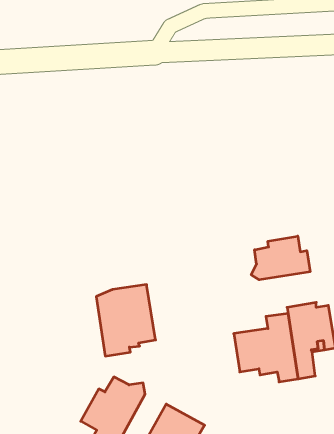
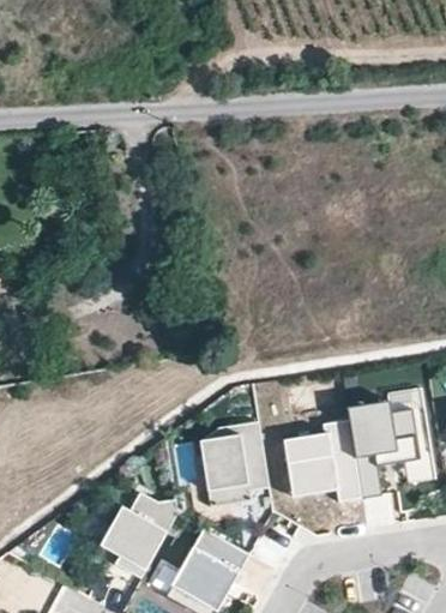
building: [251,236,310,280] -> none
building: [96,285,156,356] -> [200,420,271,505]

